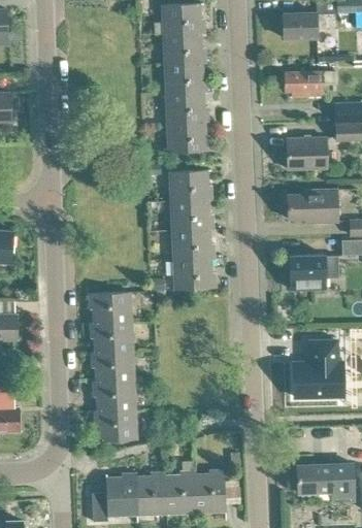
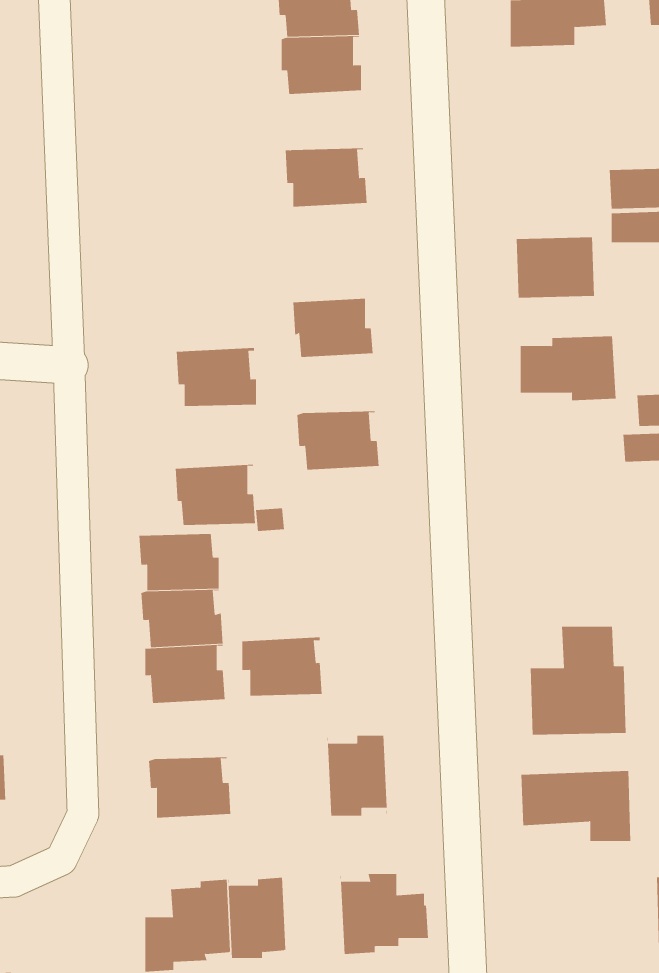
building: [164,62,206,93] -> none
building: [284,72,335,98] -> none
building: [166,121,209,153] -> none
building: [170,199,212,230] -> [176,347,257,407]
building: [289,256,338,291] -> none
building: [173,258,216,290] -> [175,464,256,525]
building: [93,380,135,410] -> [242,637,323,696]
building: [296,464,354,501] -> [520,770,631,842]
building: [164,471,196,514] -> [327,735,388,816]

